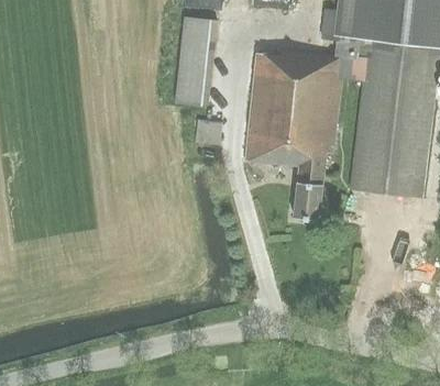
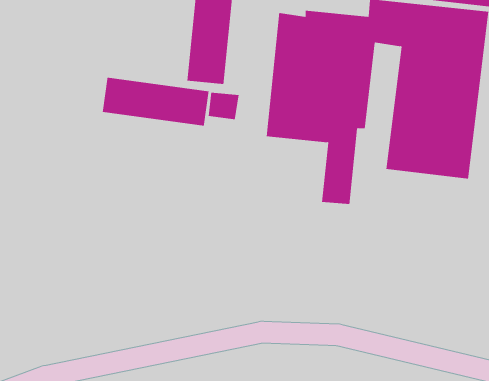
building: none -> [102,77,209,126]

